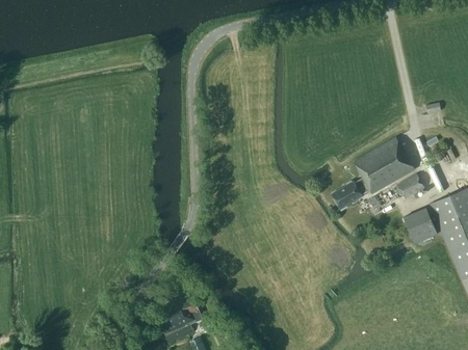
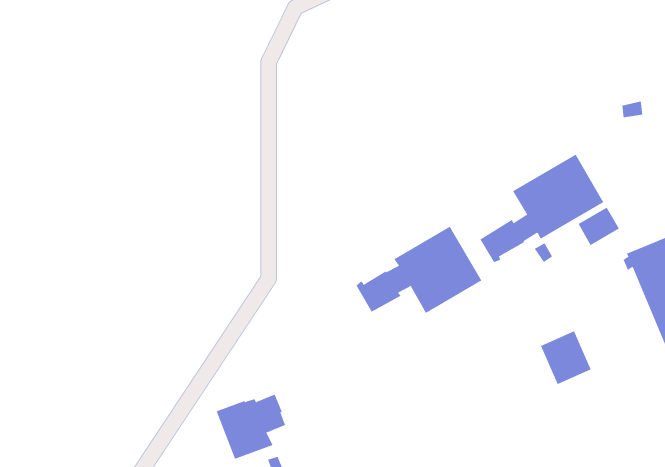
building: none -> [356,226,482,314]
building: [404,208,438,244] -> [540,330,592,385]

